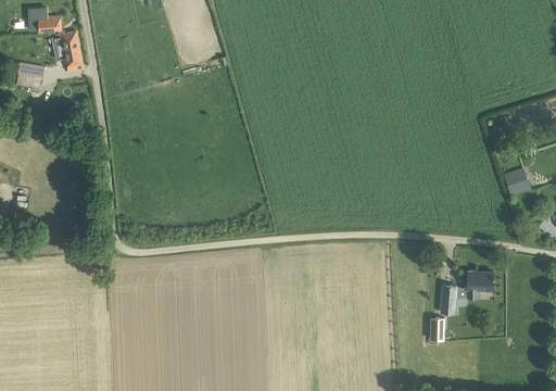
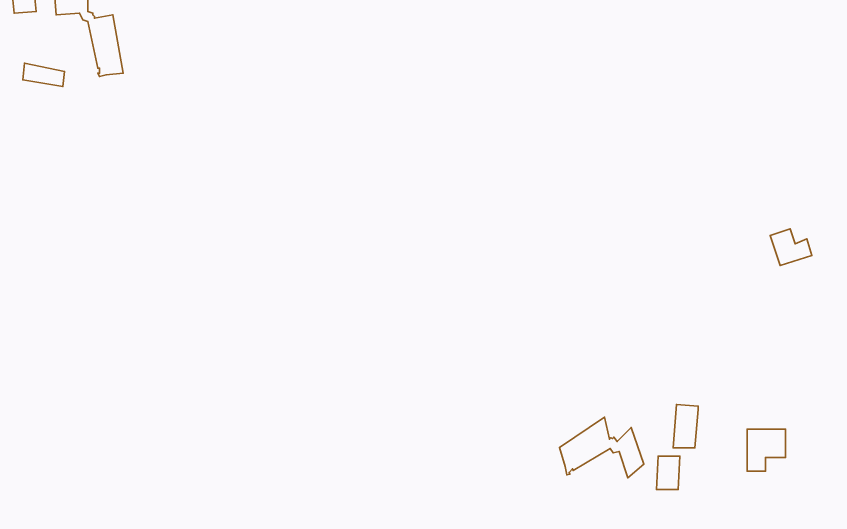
building: [467,272,492,299] -> [747,429,786,471]
building: none -> [559,417,644,478]

